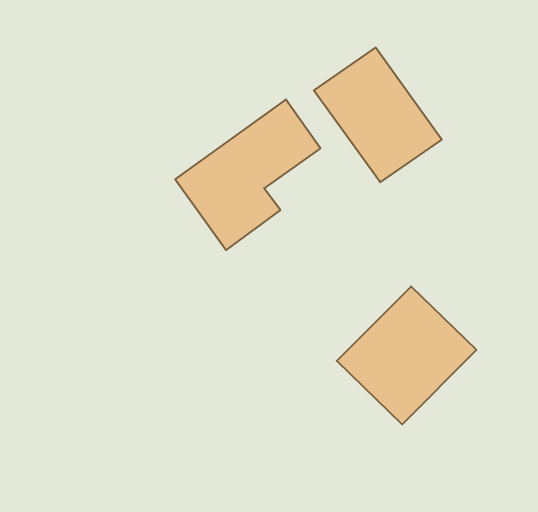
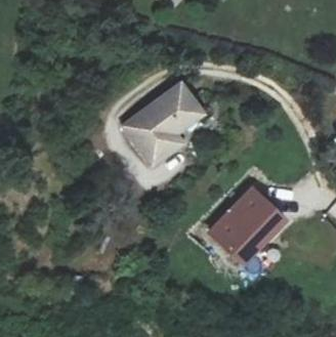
building: [314,48,442,182] -> none

